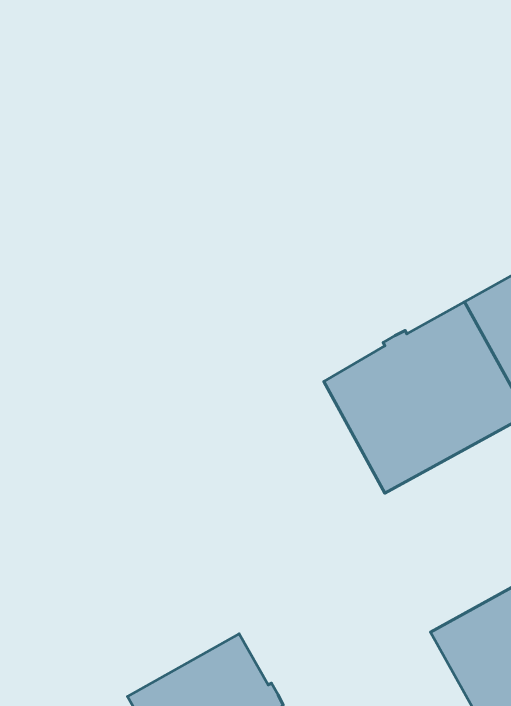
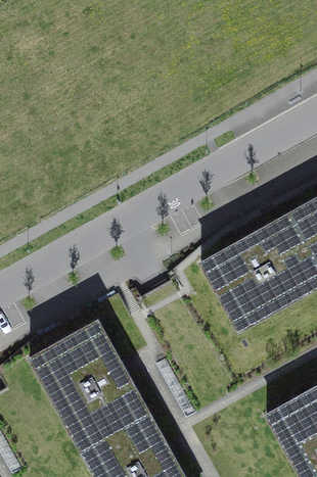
building: none -> [30,321,150,452]

